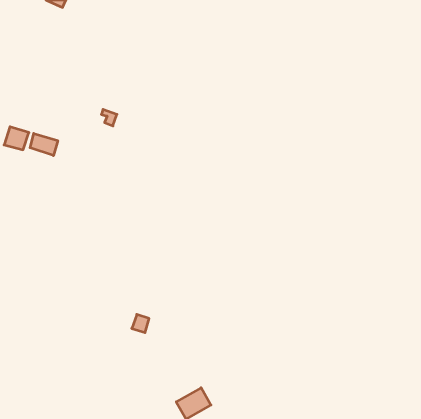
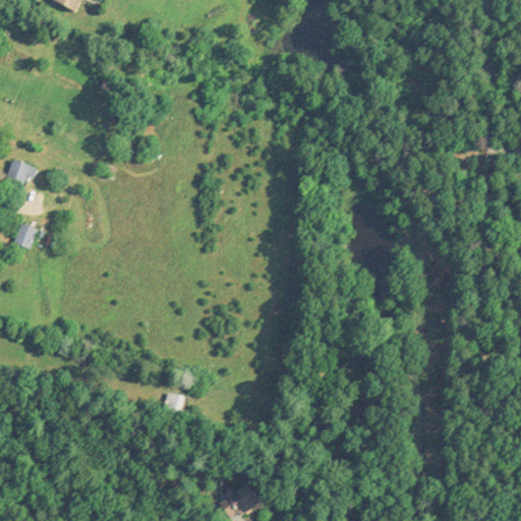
building: [30,133,58,156] -> none
building: none -> [13,222,38,248]

